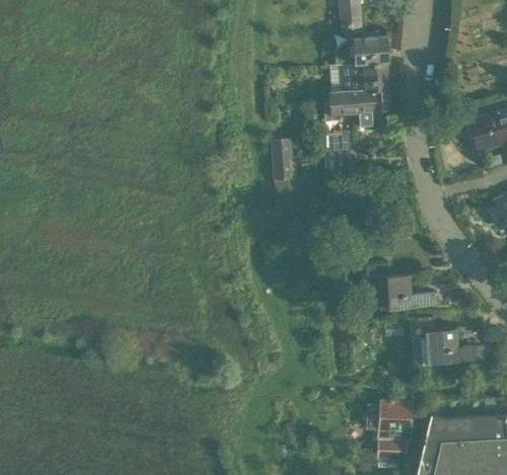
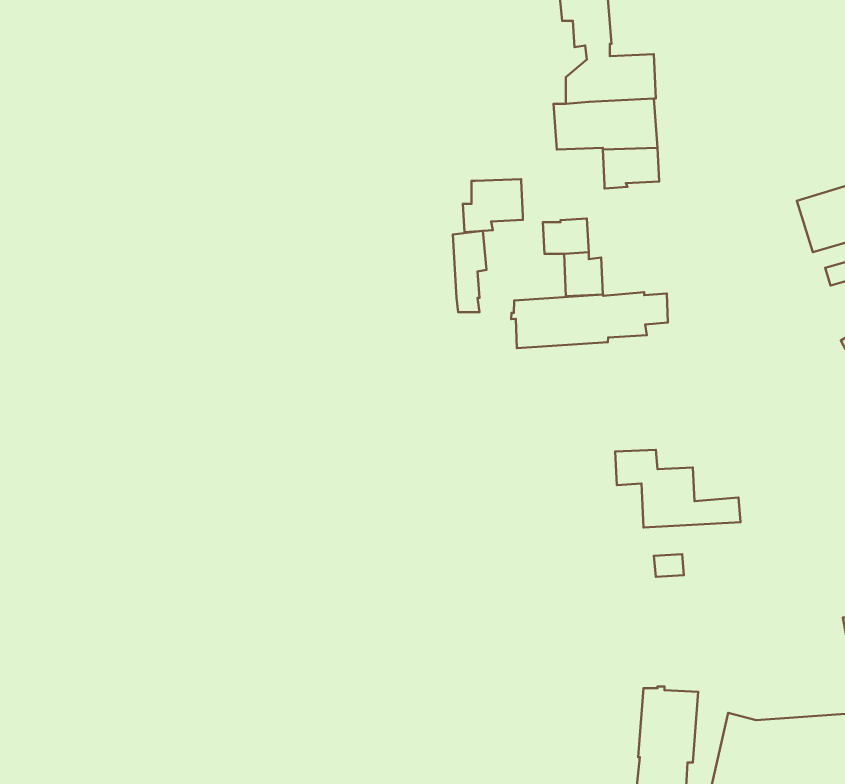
building: [325,91,360,122] -> [463,179,523,232]
building: none -> [511,292,668,348]
building: [411,318,484,364] -> none

